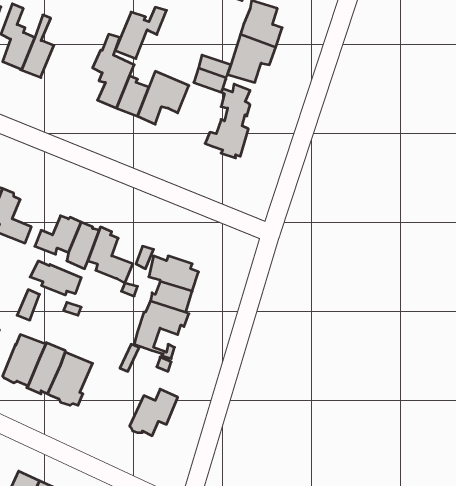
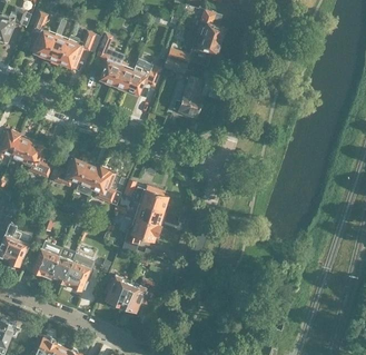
building: [115,7,167,59] -> [58,33,93,69]
building: [30,261,81,295] -> none
building: none -> [103,277,129,307]

